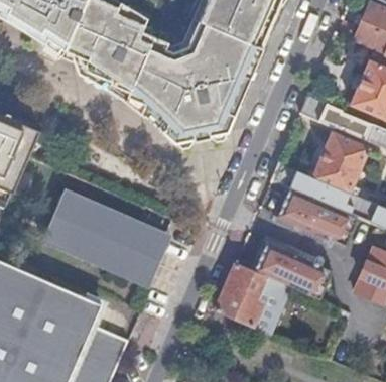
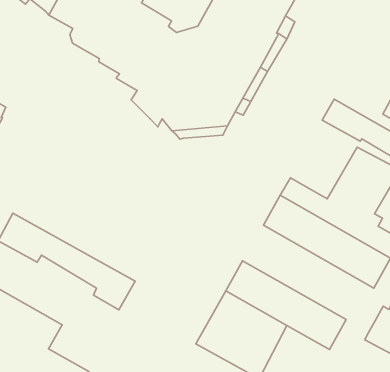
building: [51,189,165,262] -> none

